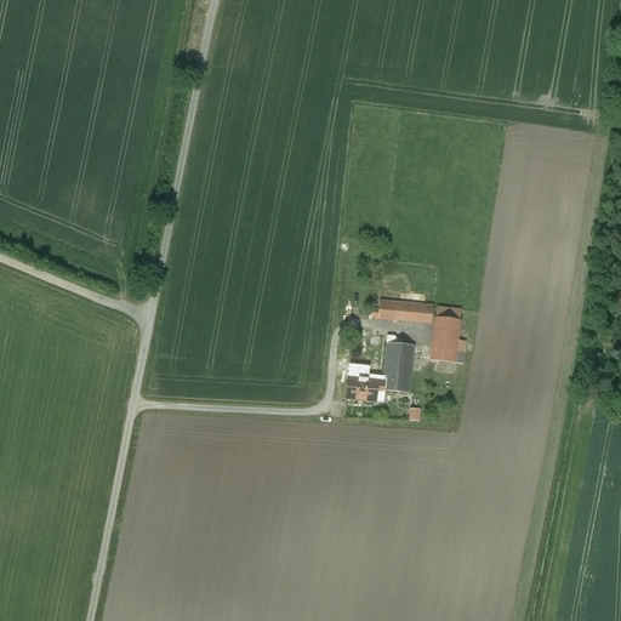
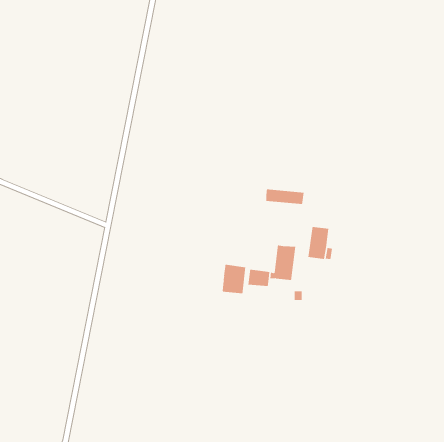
building: [378,300,433,321] -> [265,189,305,205]
building: none -> [222,264,246,294]

